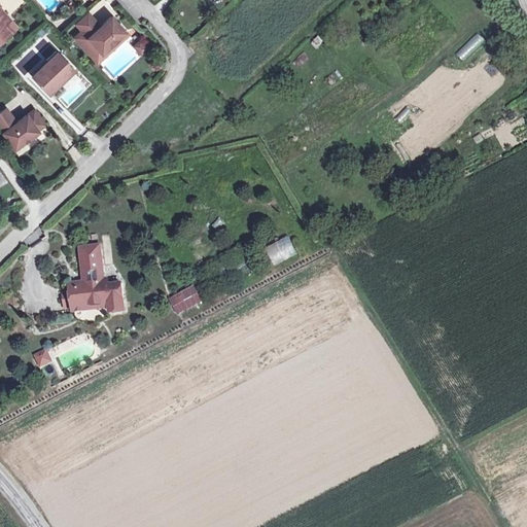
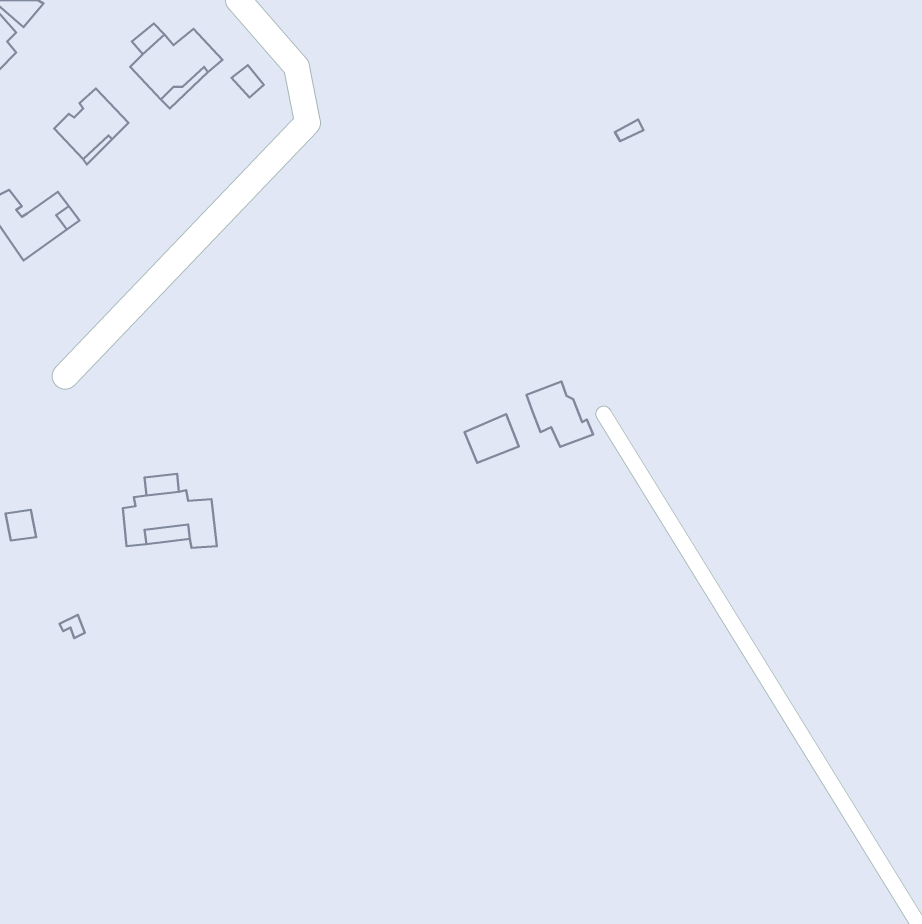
building: none -> [527,382,593,447]
building: [79,246,101,272] -> none
building: [167,284,202,314] -> none

